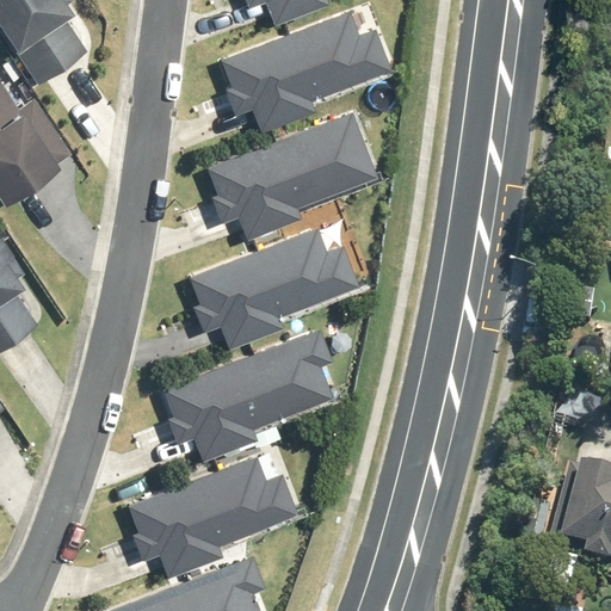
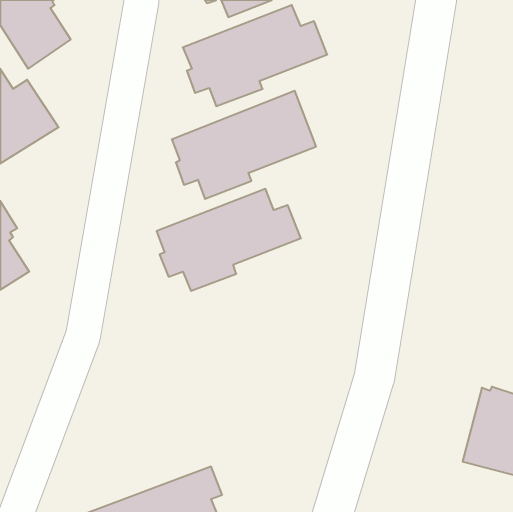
building: [162,329,333,459] -> none
building: [128,456,297,576] -> none

